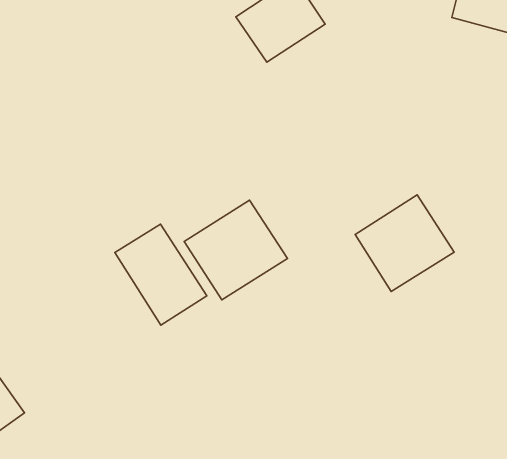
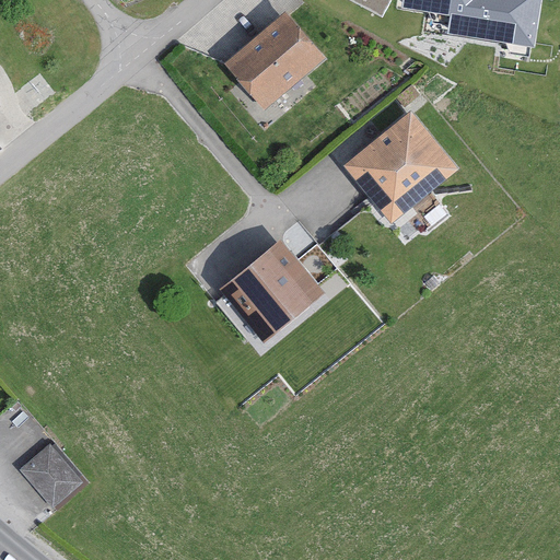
building: [355,195,454,292] -> [352,114,452,212]
building: [115,224,207,325] -> none

